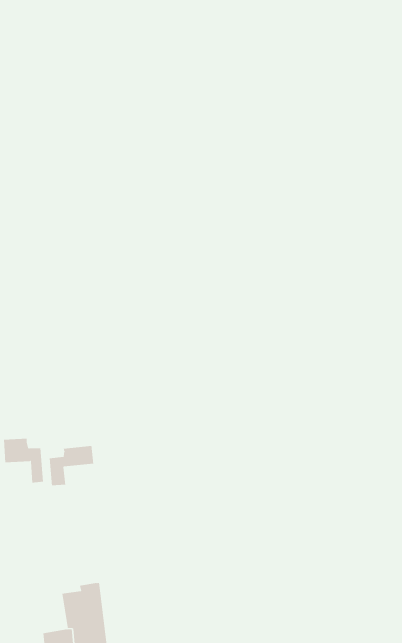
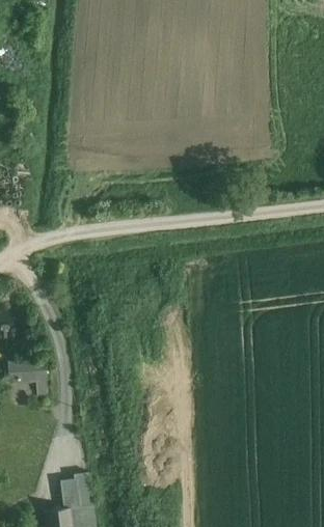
building: [49,445,94,486] -> none

